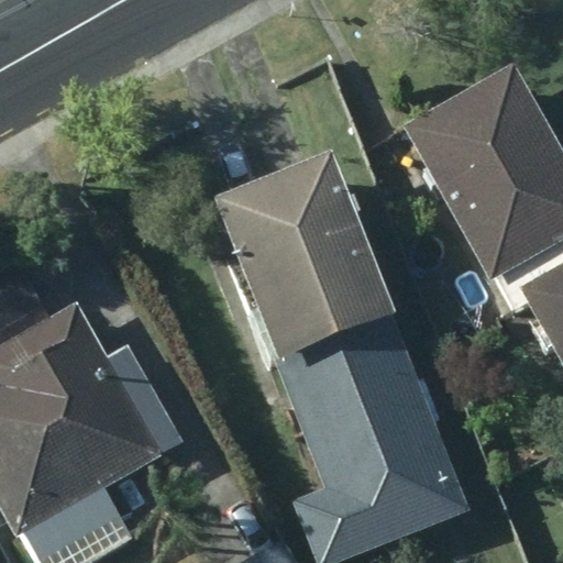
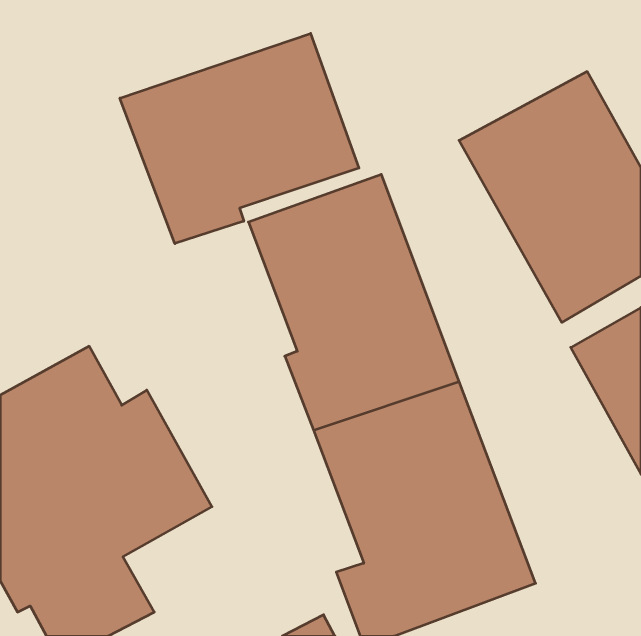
building: none -> [120,33,359,244]

